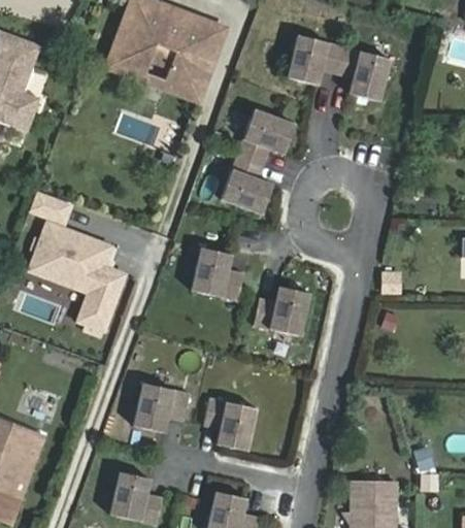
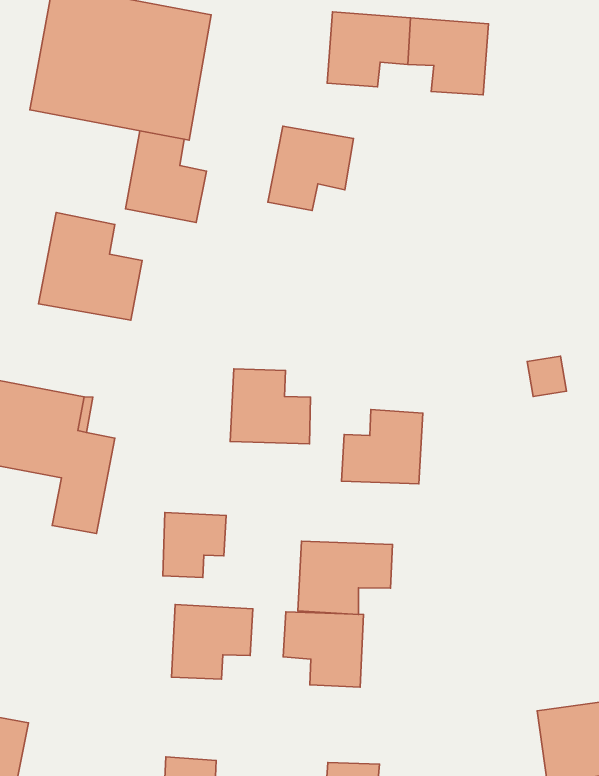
building: none -> [39,213,142,320]
building: [223,148,275,209] -> [125,131,207,223]
building: none -> [163,512,226,578]
building: none -> [298,541,392,614]

